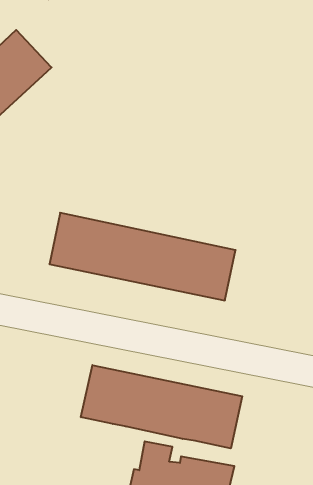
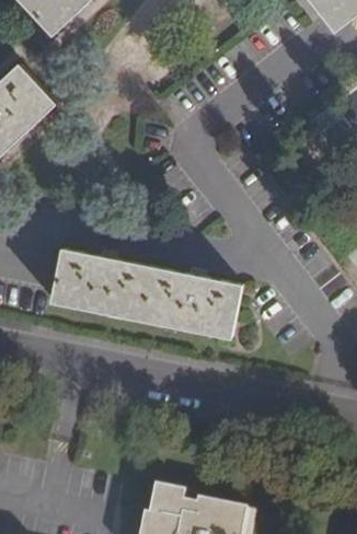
building: [81,365,242,448] -> none

